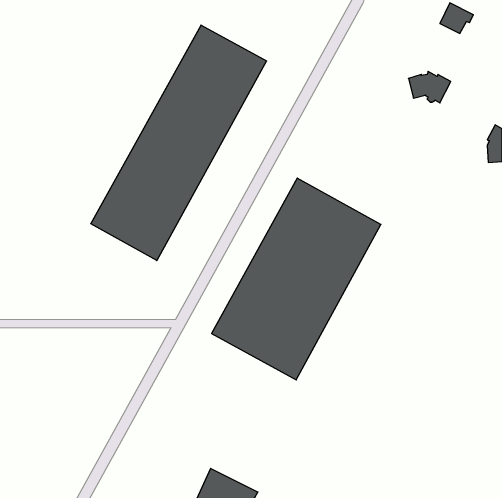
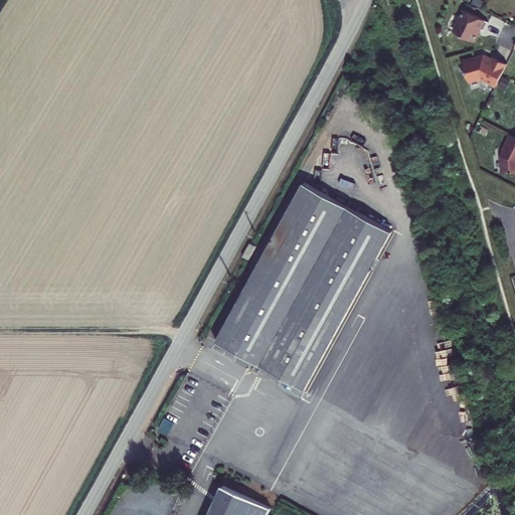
building: [91,25,267,261] -> none
building: [408,71,451,103] -> [460,52,503,84]

